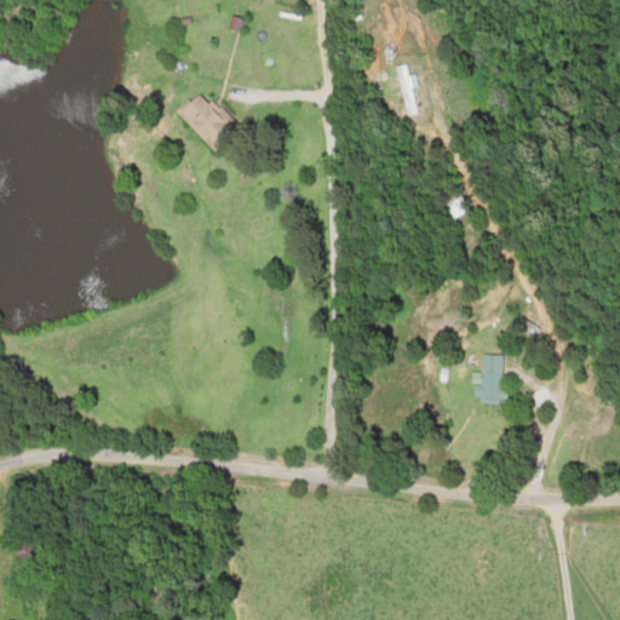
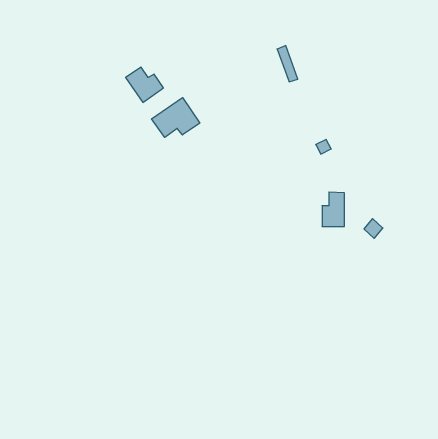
building: none -> [152,98,200,137]
building: [473,354,505,402] -> [322,192,344,226]

